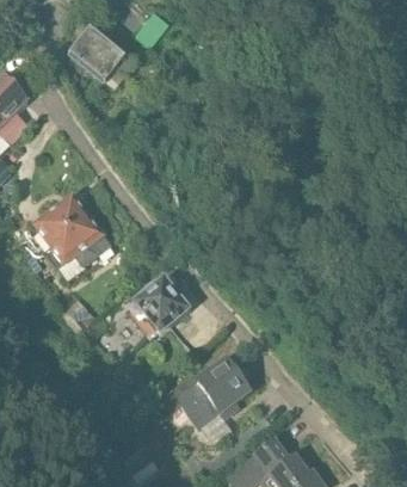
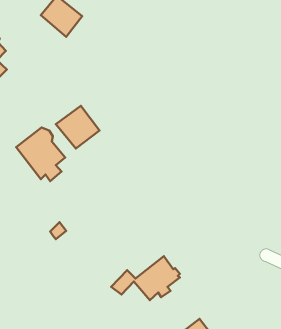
building: none -> [56,106,99,148]
building: [130,279,191,332] -> none

